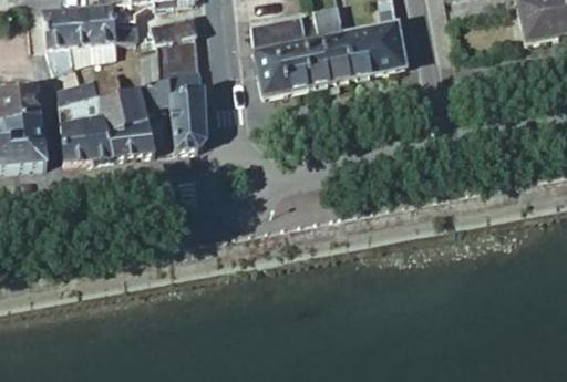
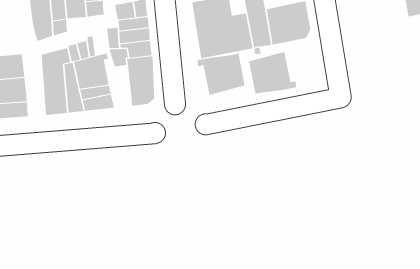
building: none -> [248,51,297,95]
building: none -> [197,53,245,96]

